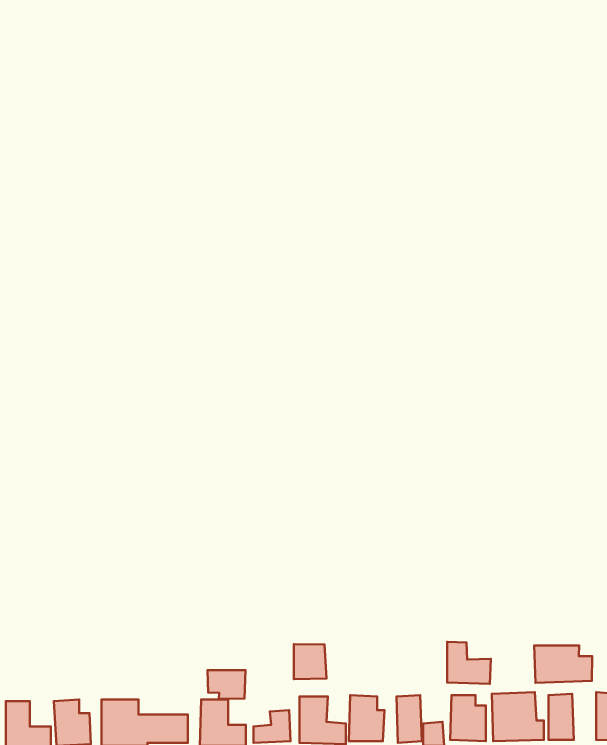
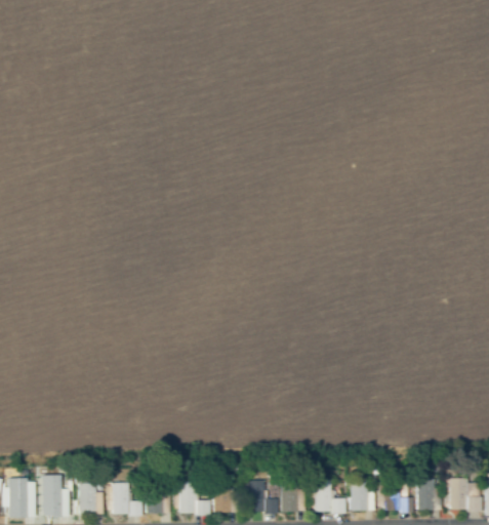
building: [447,642,491,684] -> none
building: [294,644,326,679] -> none
building: [534,645,592,683] -> none
building: [208,670,245,699] -> none

